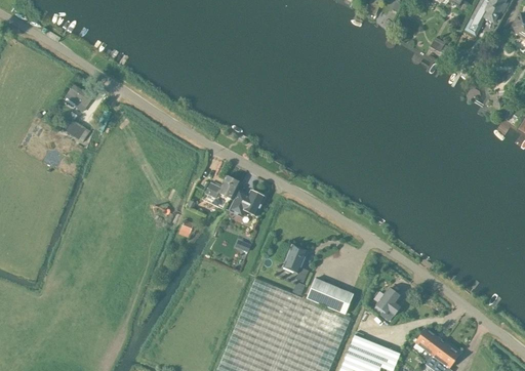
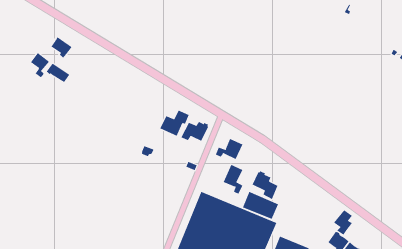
building: none -> [30,52,50,78]
building: none -> [215,138,243,160]
building: none -> [252,170,278,200]
building: [375,288,400,321] -> [333,209,353,235]

